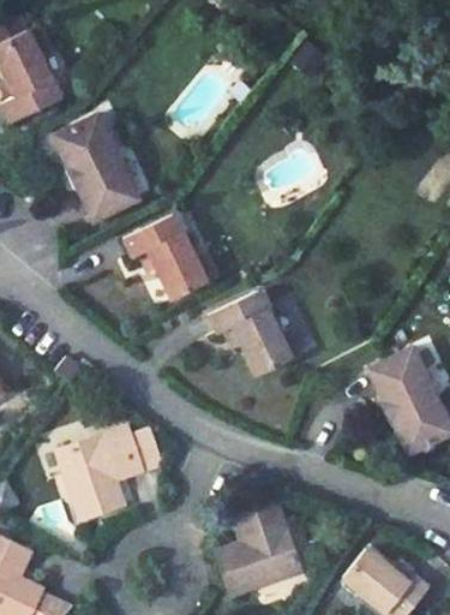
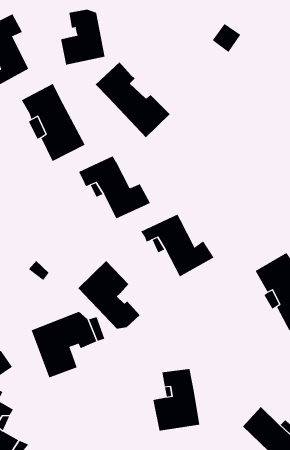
building: none -> [60,9,105,66]
building: none -> [95,61,171,138]
building: none -> [78,260,141,329]

